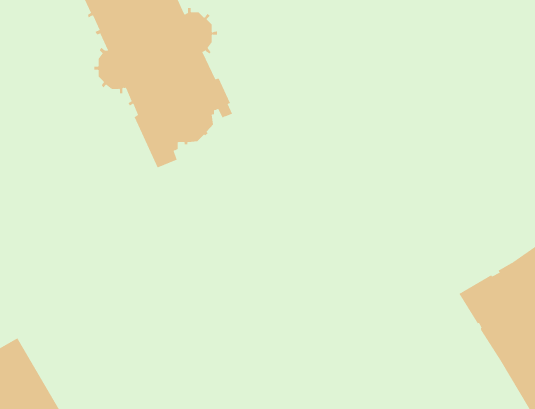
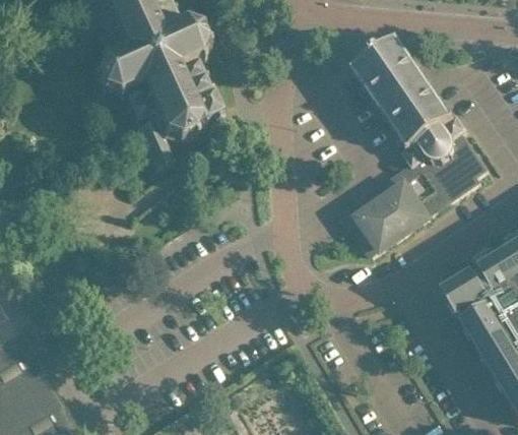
building: none -> [343,30,489,249]

